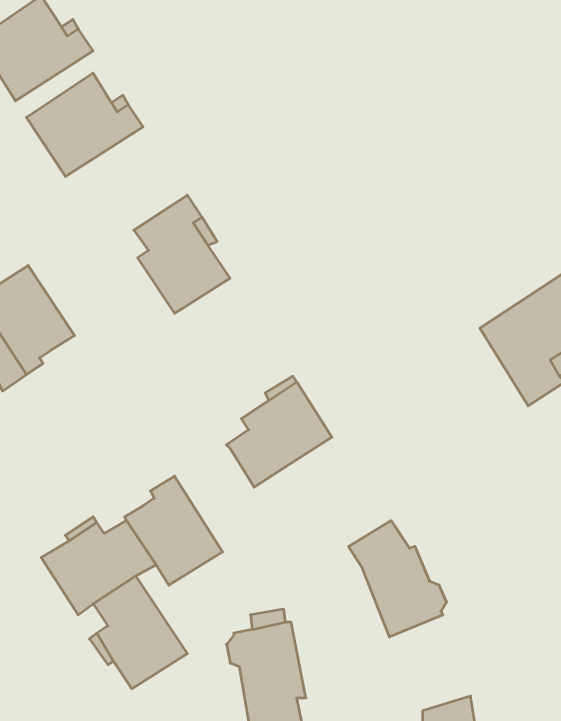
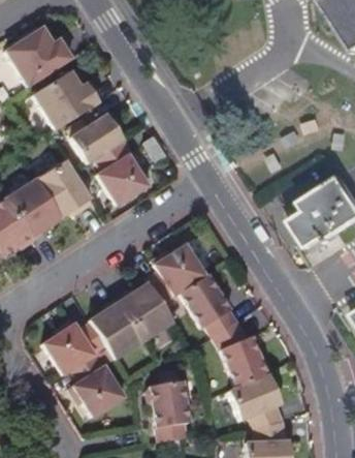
building: none -> [68,113,123,164]
building: none -> [34,160,91,218]
building: none -> [178,274,236,336]
building: none -> [116,281,171,339]
building: none -> [227,373,281,428]

